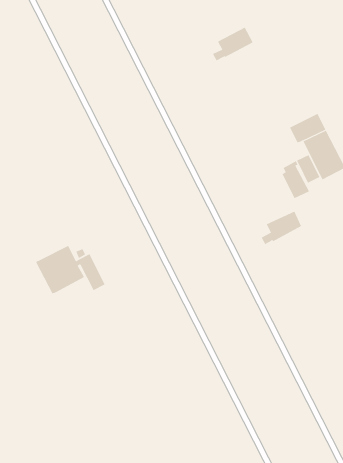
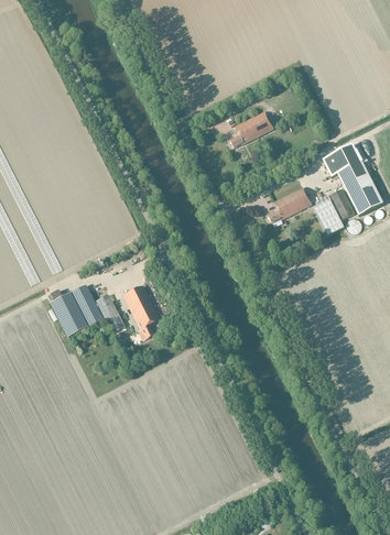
building: [212,27,253,61] -> [229,110,273,146]
building: [261,211,302,245] -> [268,186,312,222]
building: none -> [123,284,160,339]

